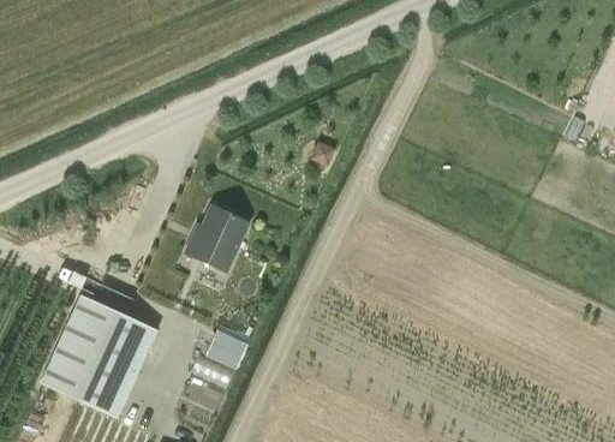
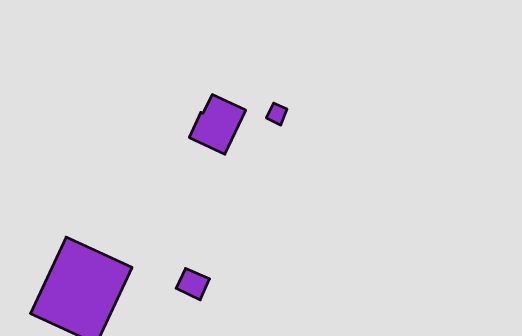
building: [185,203,250,271] -> [189,95,246,154]

